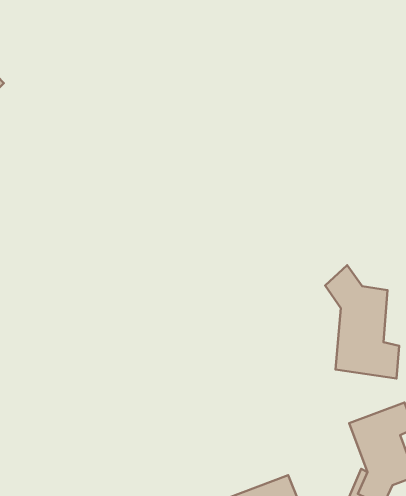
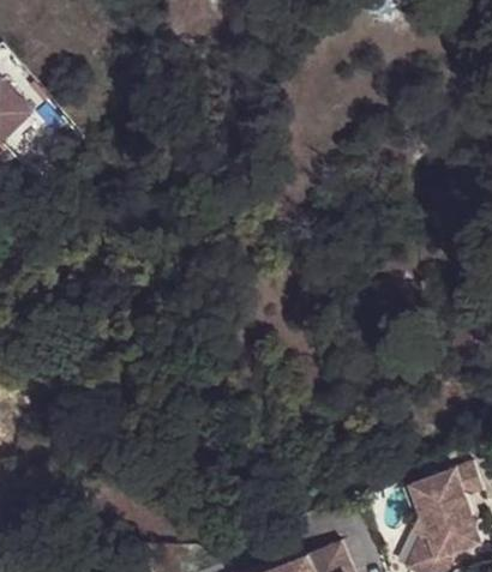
building: [325,265,399,379] -> none

